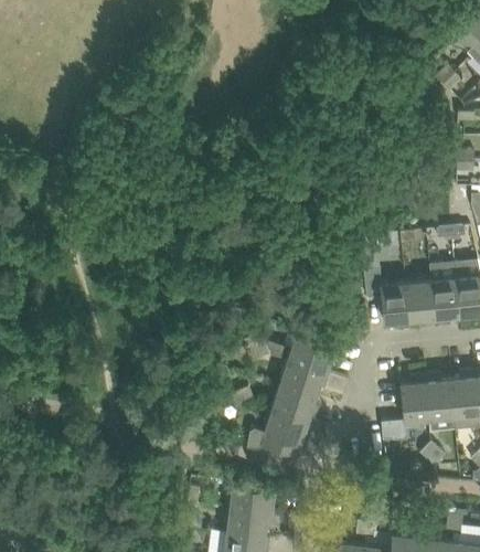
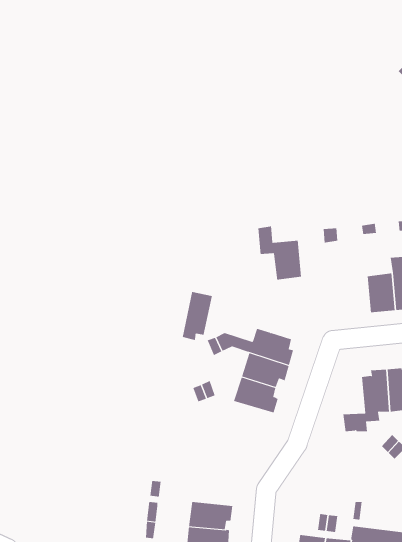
building: [364,270,408,325] -> [258,226,302,280]
building: none -> [182,291,212,341]
building: [246,410,312,459] -> none
building: [230,485,274,514] -> none

